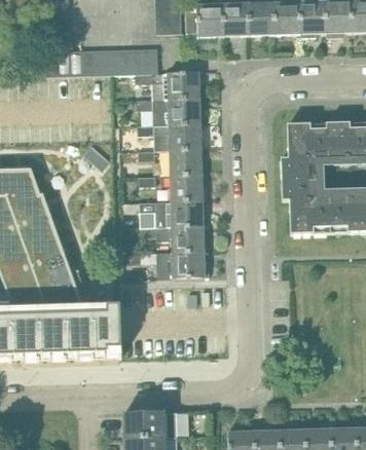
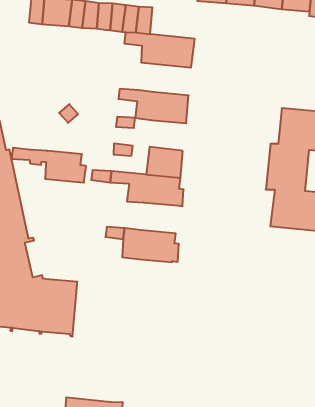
building: [136,99,200,125] -> none
building: [170,150,202,176] -> none
building: [140,226,209,253] -> [12,148,86,183]

